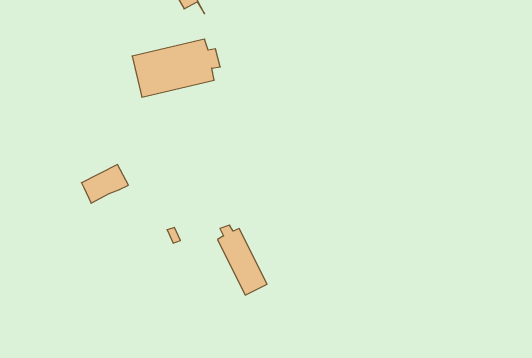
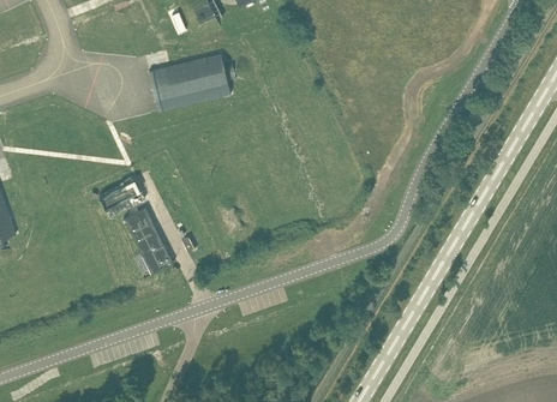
building: [218,225,267,295] -> [122,204,172,274]

